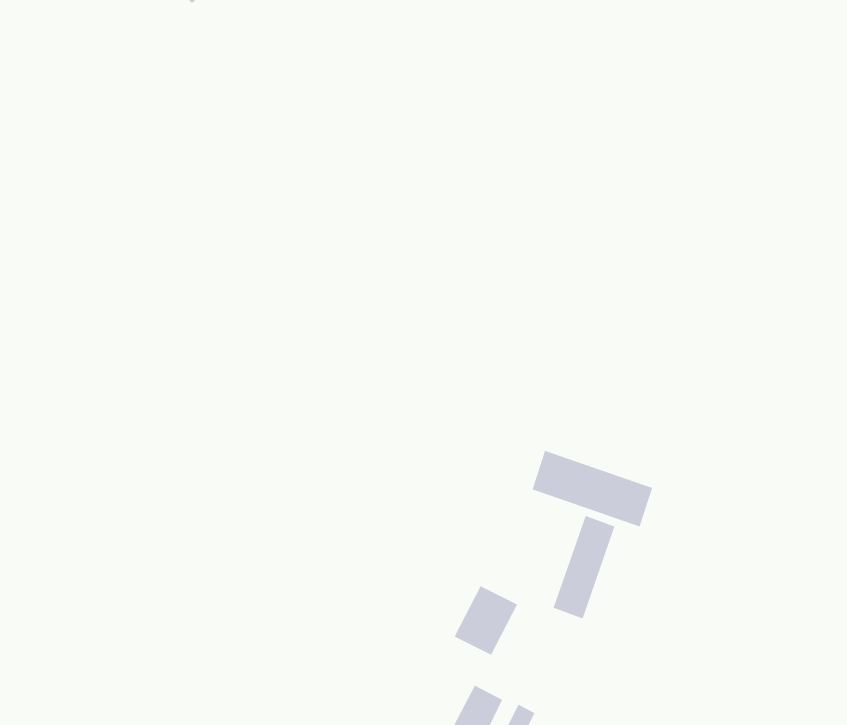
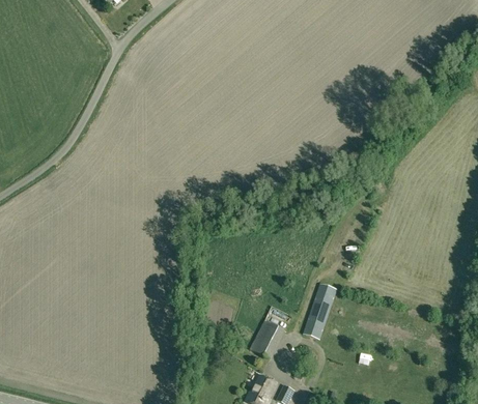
building: [532,450,653,528] -> none

